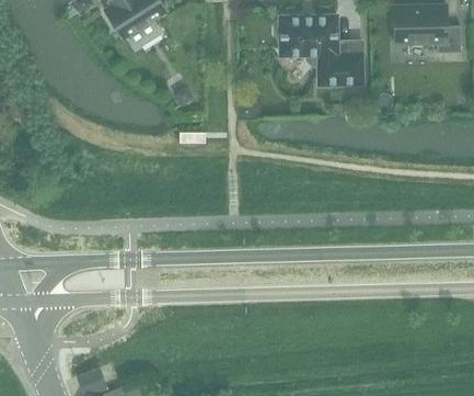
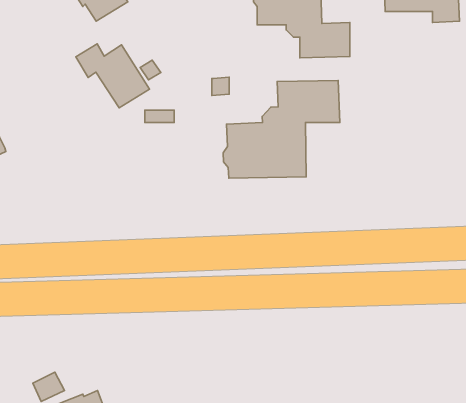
building: none -> [76,44,150,108]
building: none -> [223,80,340,178]

